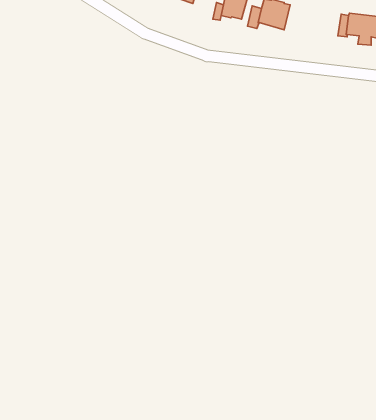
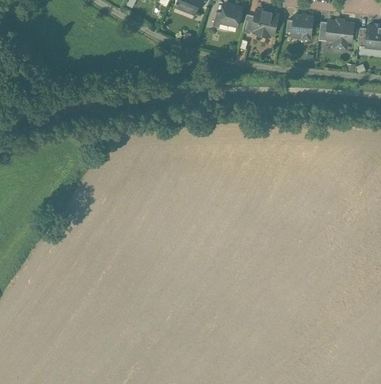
building: none -> [292,16,313,40]

